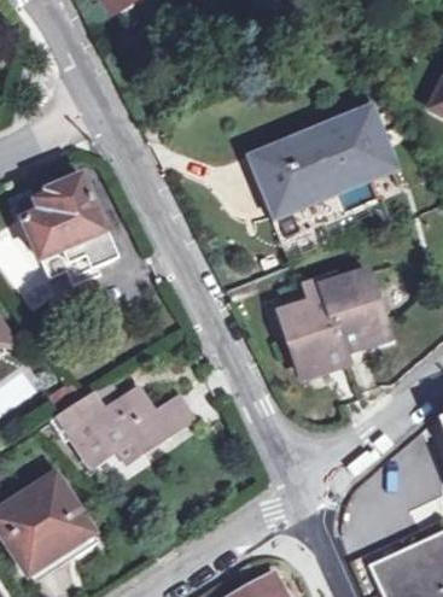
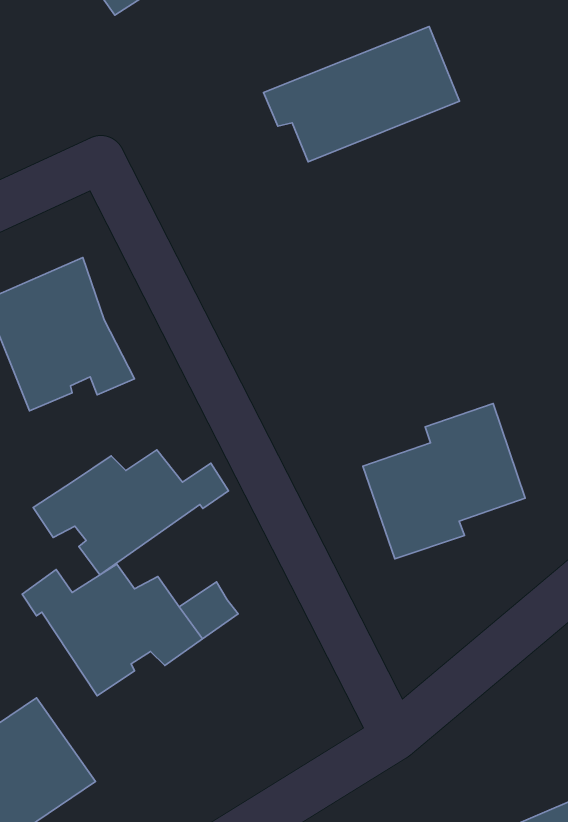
building: [250,118,383,210] -> [263,26,460,162]
building: none -> [33,450,228,575]

